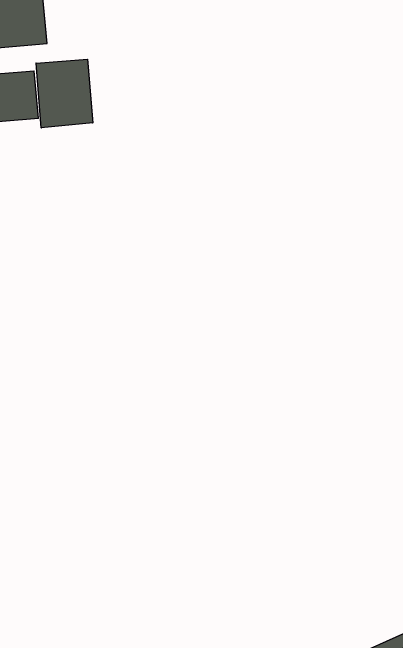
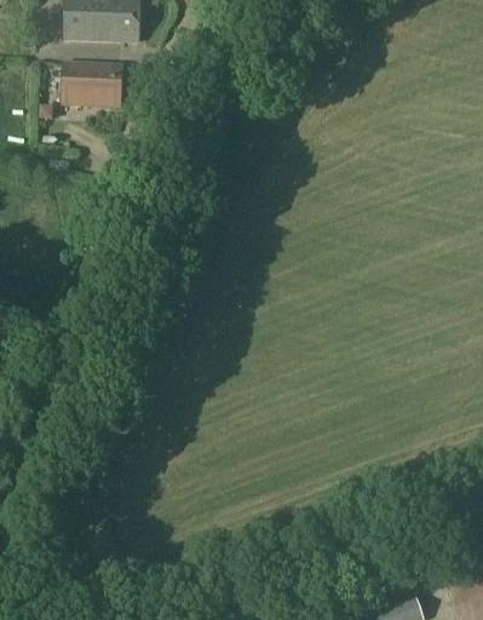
building: [36,59,93,128] -> none

